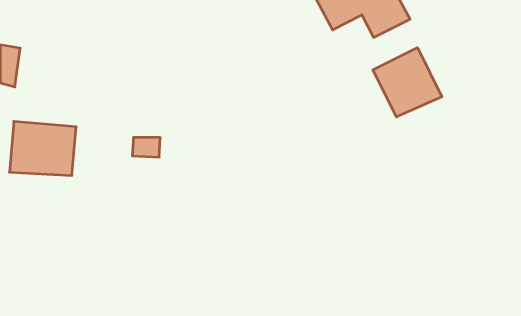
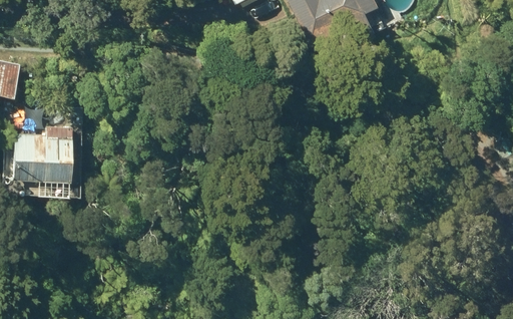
building: [373,48,442,117] -> none

